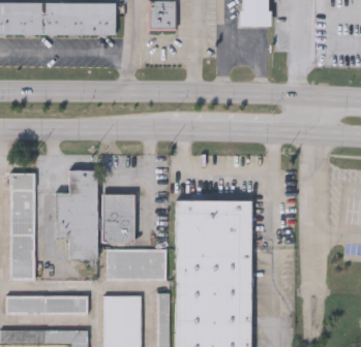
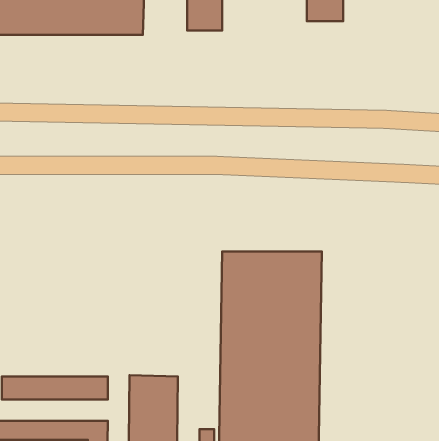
building: [56,170,97,260] -> none
building: [10,172,36,280] -> none
building: [102,194,136,243] -> none
building: [107,249,167,281] -> none

